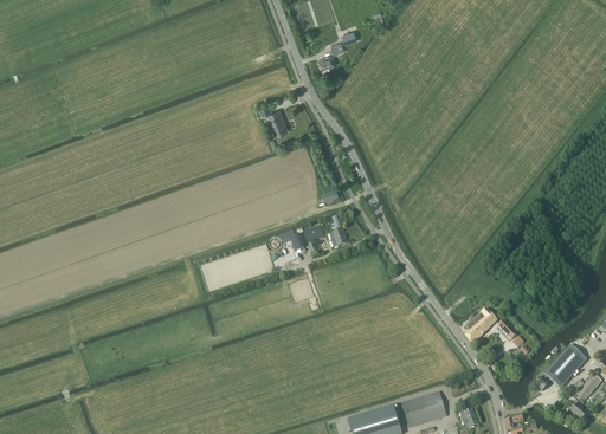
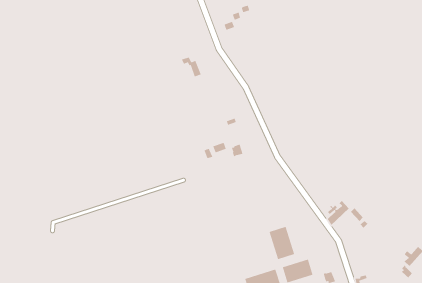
building: [534,343,587,390] -> none
building: none -> [268,226,295,260]

